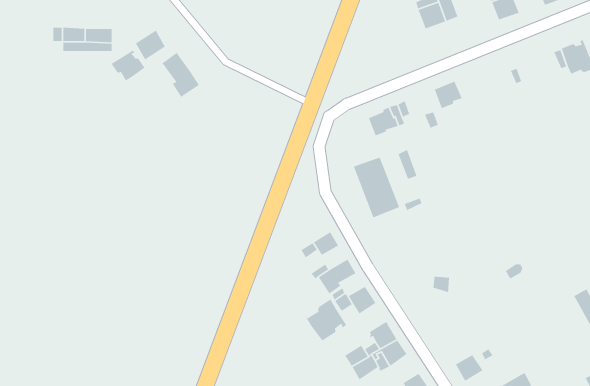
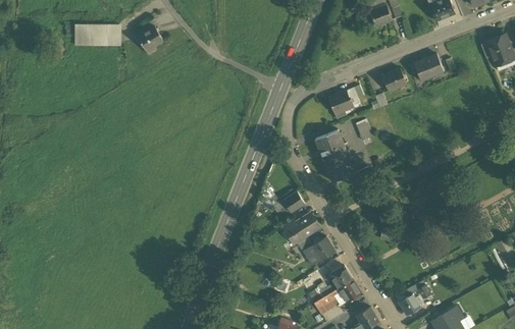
building: [110,49,145,83] -> none
building: [161,52,200,98] -> none
building: none -> [414,54,444,81]
building: [304,298,347,342] -> none

